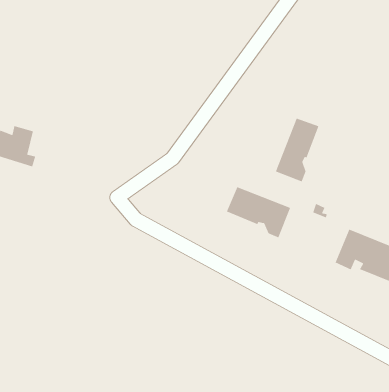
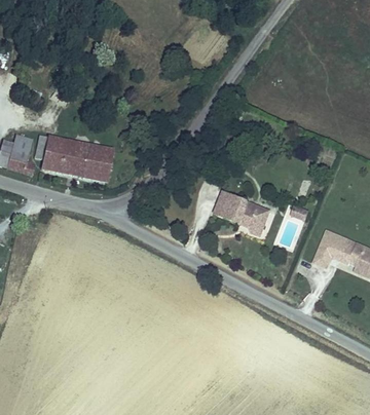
building: [275,118,319,183] -> none
building: none -> [35,131,113,180]

